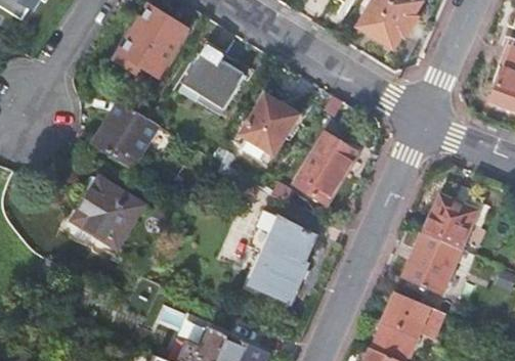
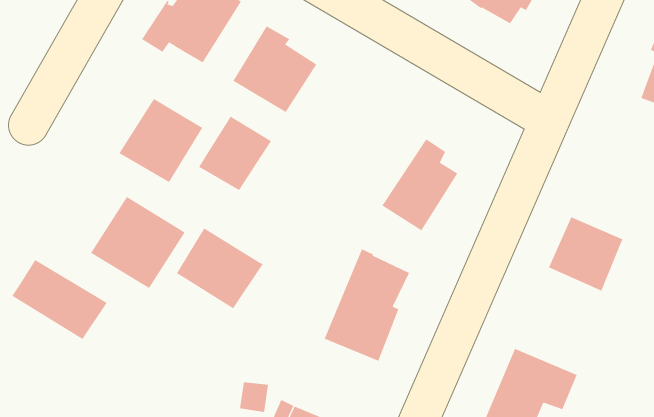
building: [242,97,298,154] -> [198,116,272,191]
building: none -> [176,228,263,309]
building: none -> [12,259,107,340]
building: [401,231,460,296] -> none

